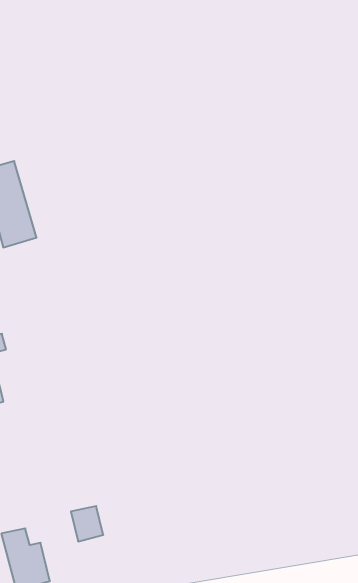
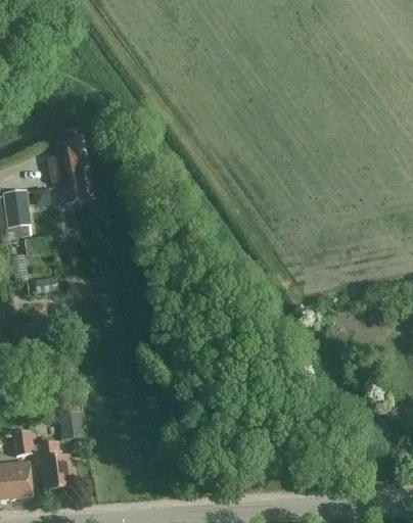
building: [71,506,103,541] -> [59,414,84,441]

